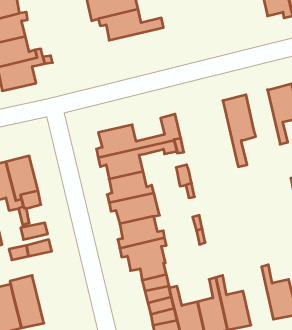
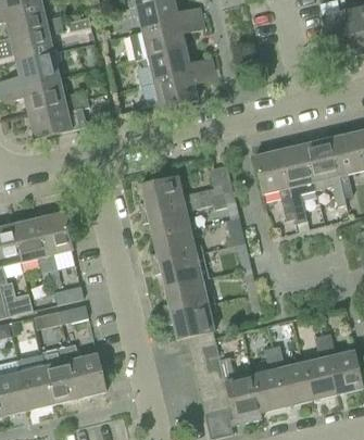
building: none -> [150,67,215,109]
building: none -> [305,137,346,206]
building: none -> [253,149,296,221]
building: none -> [302,335,336,400]
building: none -> [66,343,105,398]

